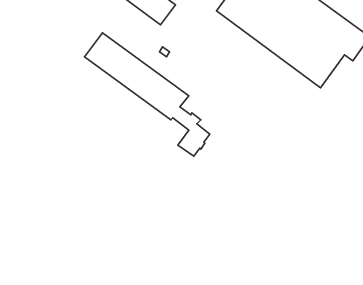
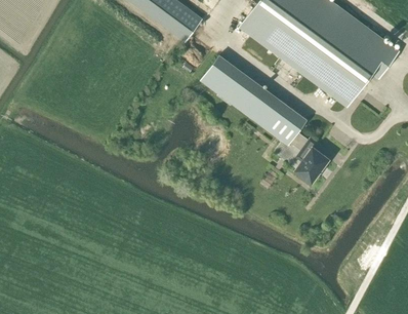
building: [85,33,210,156] -> [200,55,328,182]

